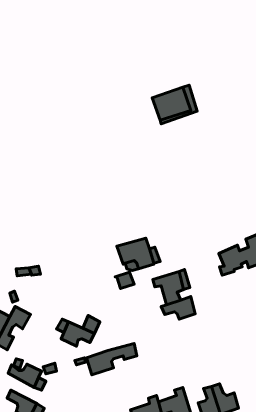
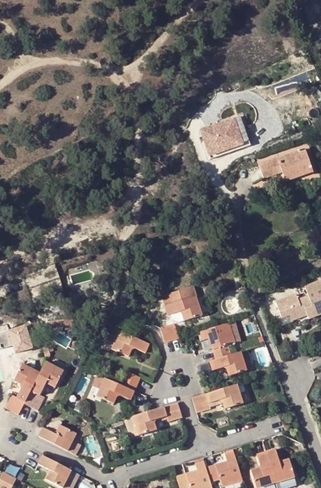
building: none -> [257,148,310,180]
building: none -> [113,330,151,356]
building: none -> [192,383,244,412]

